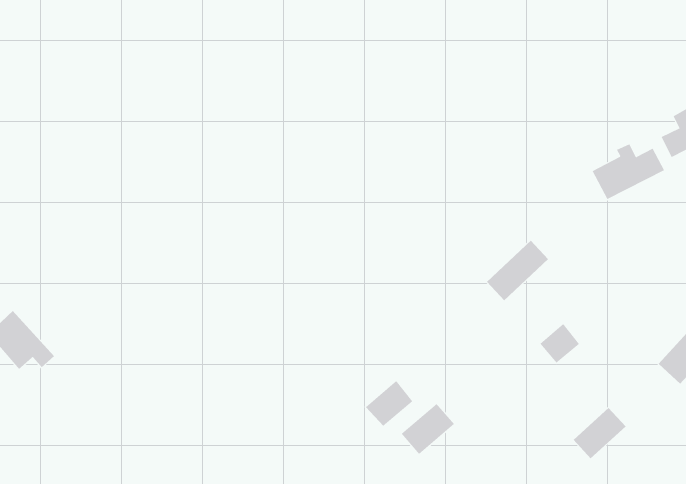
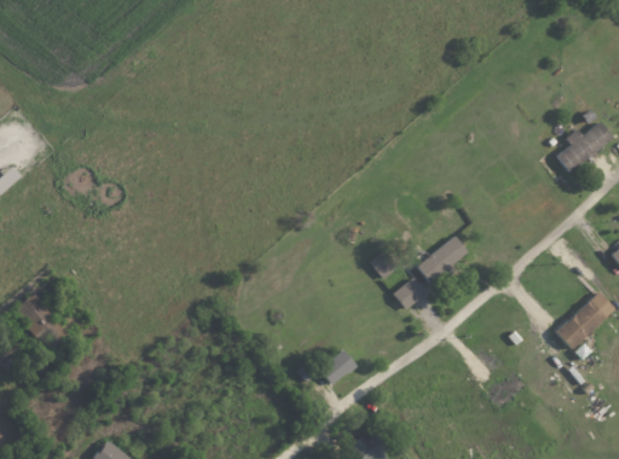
building: [592,144,665,200] -> none
building: [540,323,580,363] -> [393,277,426,309]
building: [401,403,455,455] -> none

